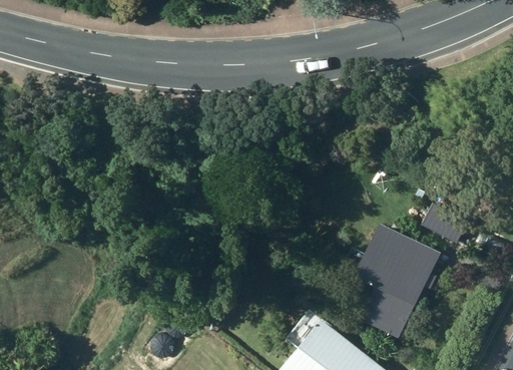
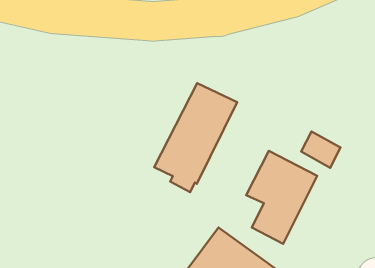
building: none -> [154,83,237,192]

